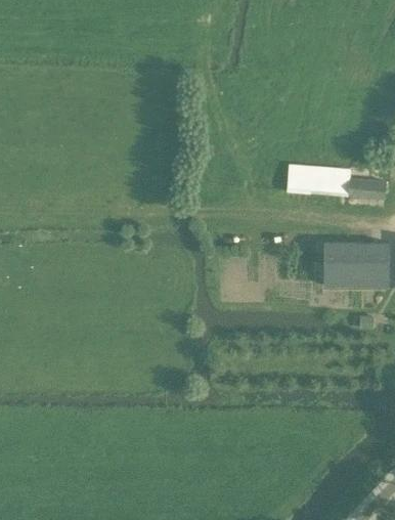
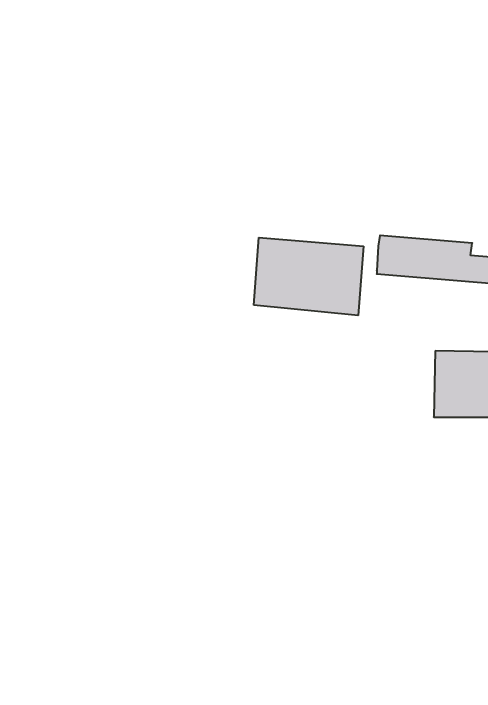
building: none -> [254,238,363,315]

